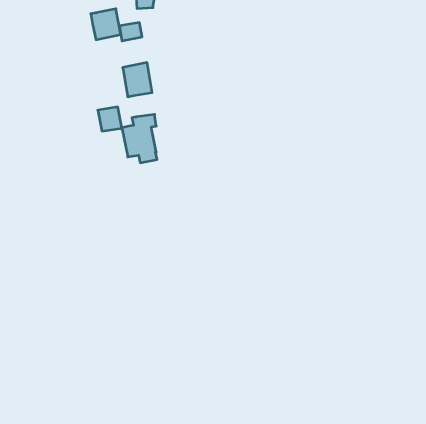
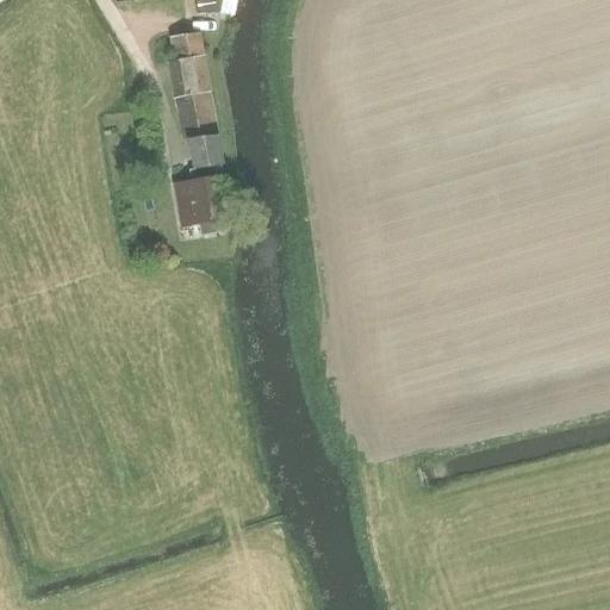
building: [91,9,121,40] -> [167,52,210,97]
building: [98,107,122,131] -> [188,132,223,167]

